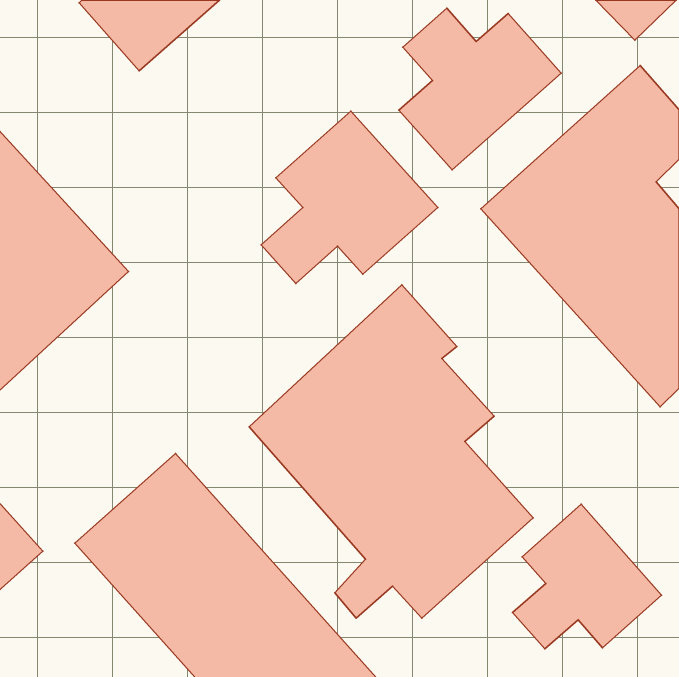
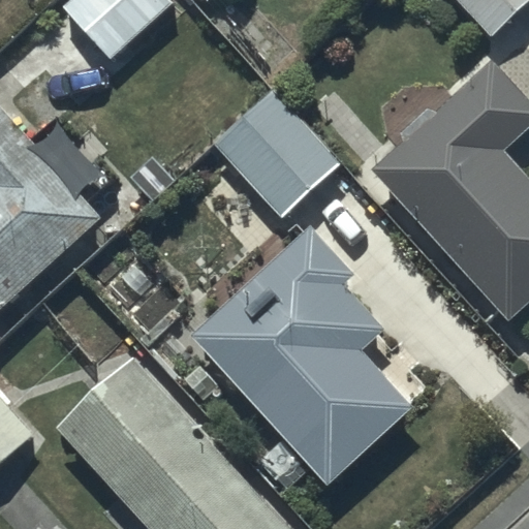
building: [399,8,561,170] -> none
building: [513,504,662,649] -> none

